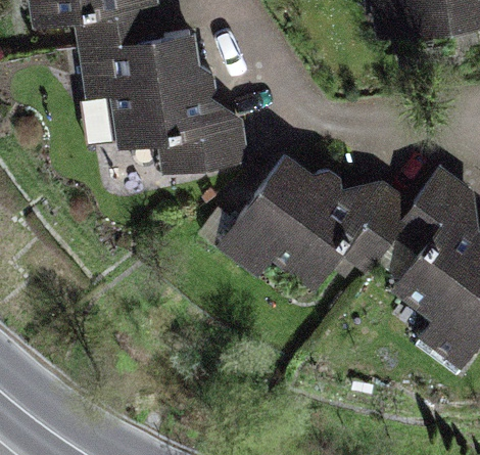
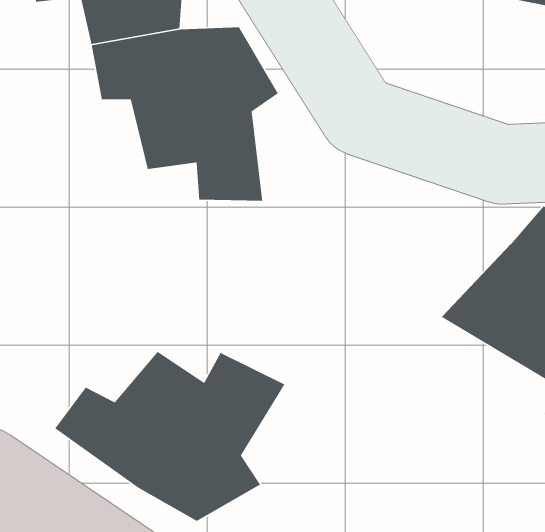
building: [219,158,403,290] -> none
building: none -> [54,351,286,522]

